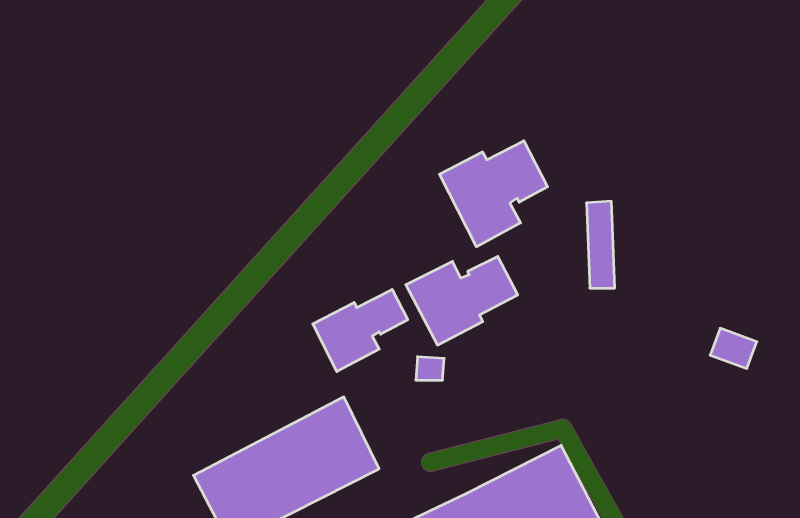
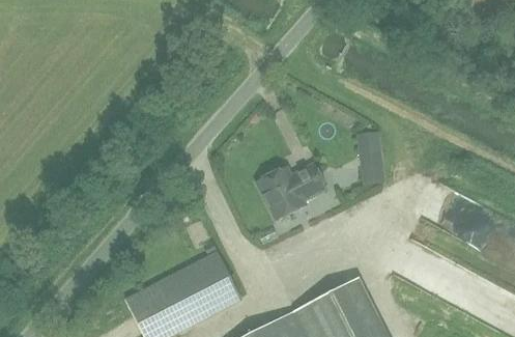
building: [439,141,548,247] -> none
building: [313,289,408,372] -> none

